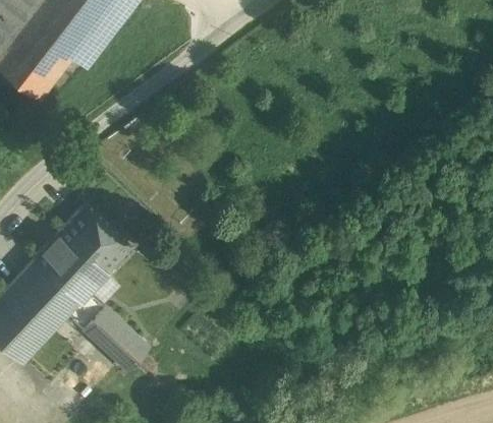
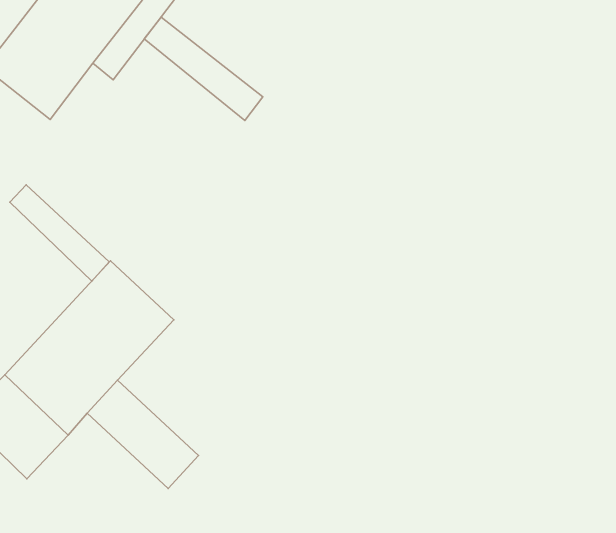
building: none -> [144,17,263,120]
building: none -> [10,185,109,281]

